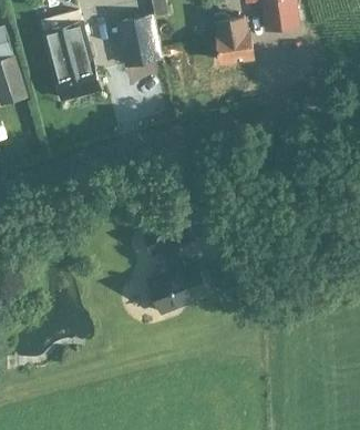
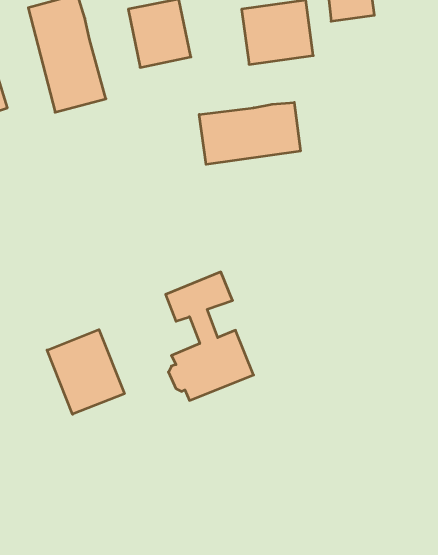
building: none -> [199,102,300,164]
building: none -> [47,330,124,414]

